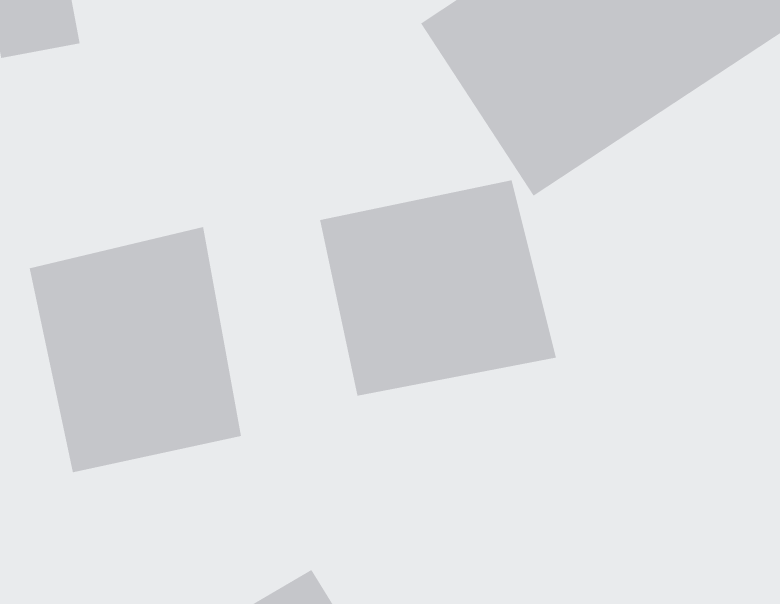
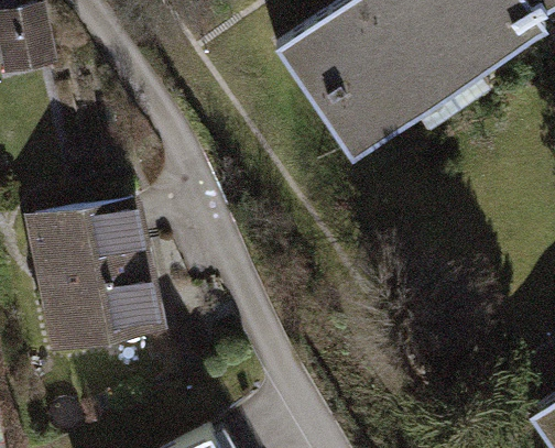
building: [320,180,557,396] -> none

